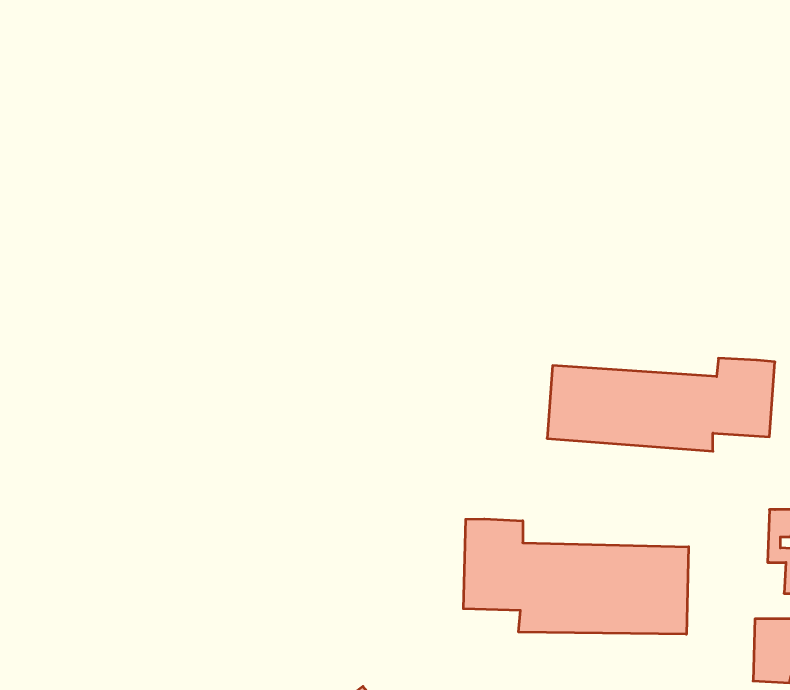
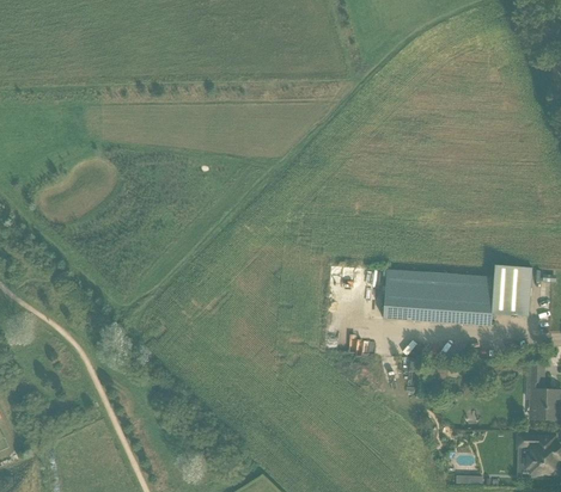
building: [463,519,689,634] -> none

